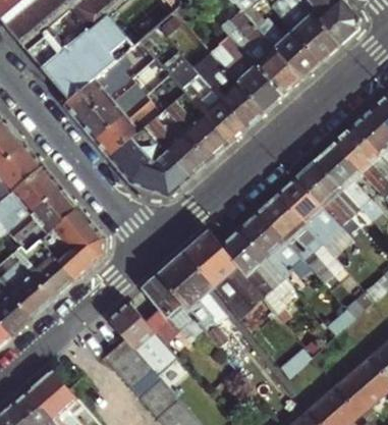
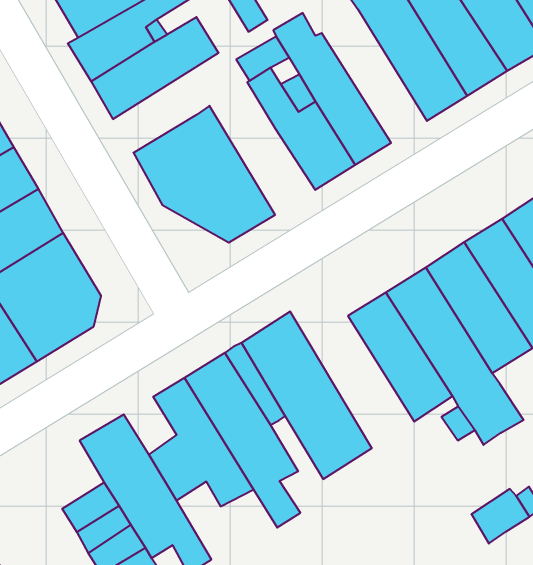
building: [199,58,264,127] -> none
building: [94,95,153,157] -> none
building: [145,116,210,177] -> none
building: [221,225,289,311] -> none

